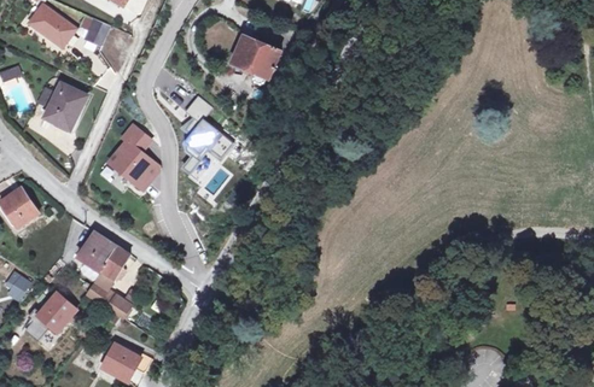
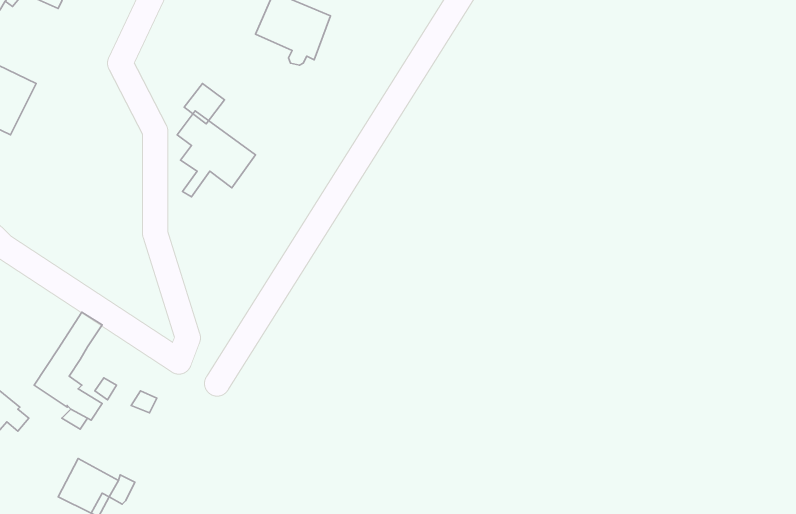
building: [110,125,156,189] -> none
building: [78,231,116,270] -> none

